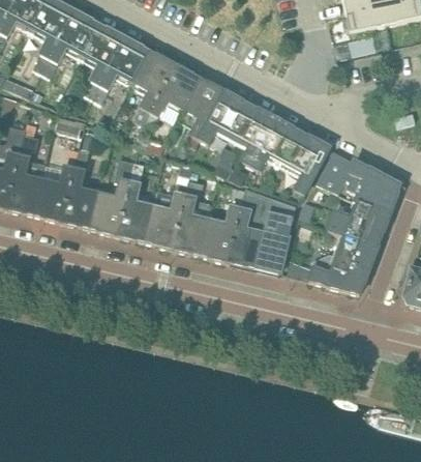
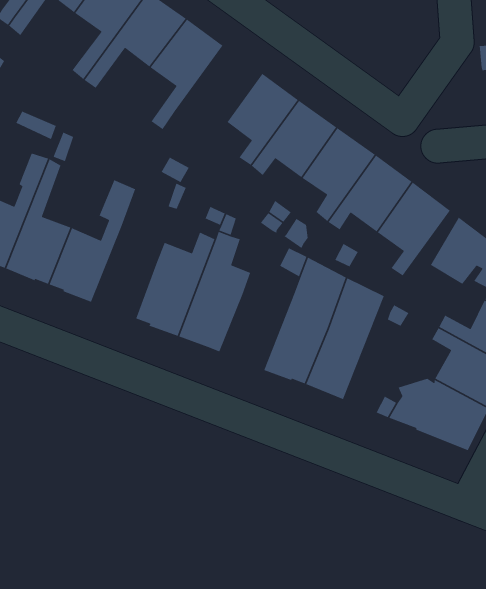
building: [152,66,202,122] -> none
building: [117,162,153,241] -> none
building: [200,209,240,262] -> none

